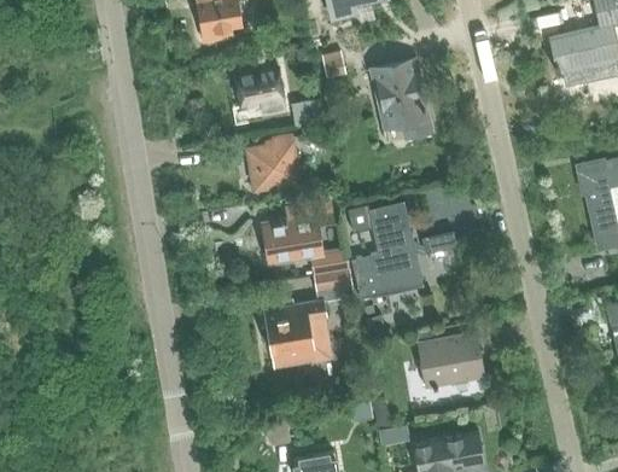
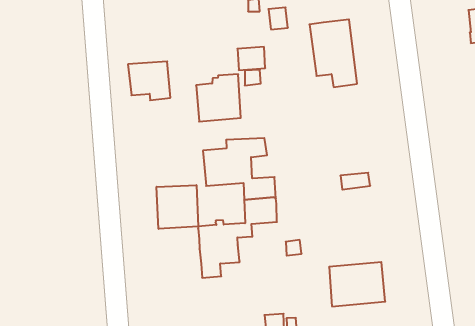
building: [234,66,286,112] -> [128,61,170,100]
building: [348,200,424,301] -> none
building: none -> [157,185,198,229]

